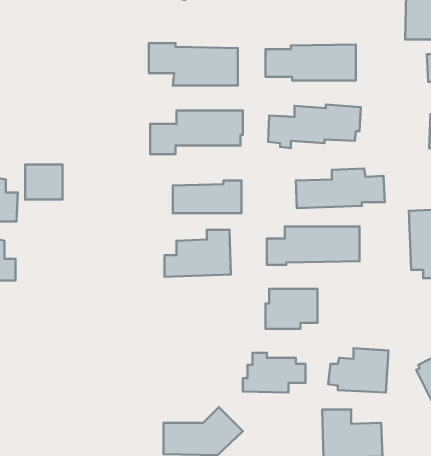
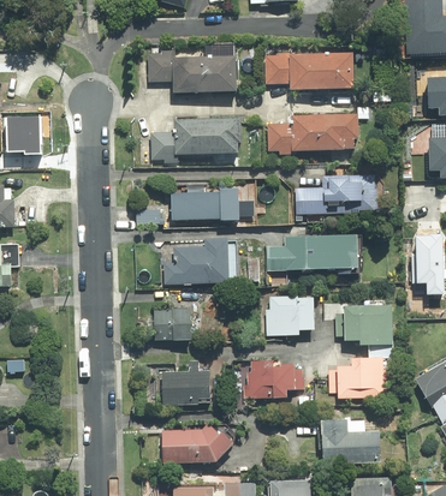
building: [25,165,62,199] -> [6,122,43,157]
building: none -> [345,300,396,346]
building: none -> [155,309,194,342]
building: none -> [162,360,213,406]

